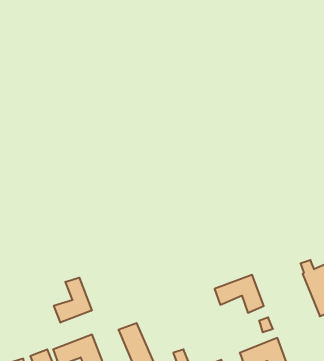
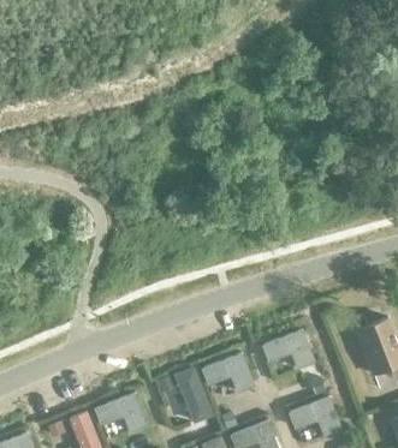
building: [54,278,92,323] -> none
building: none -> [202,353,255,393]

